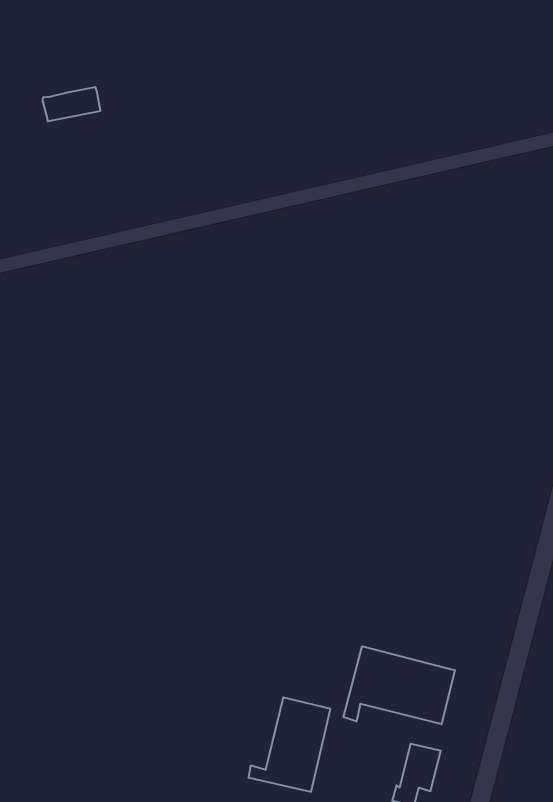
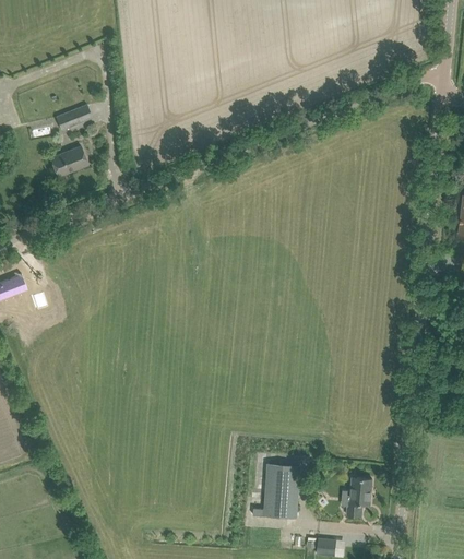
building: none -> [49,146,87,177]
building: [344,646,455,724] -> none

